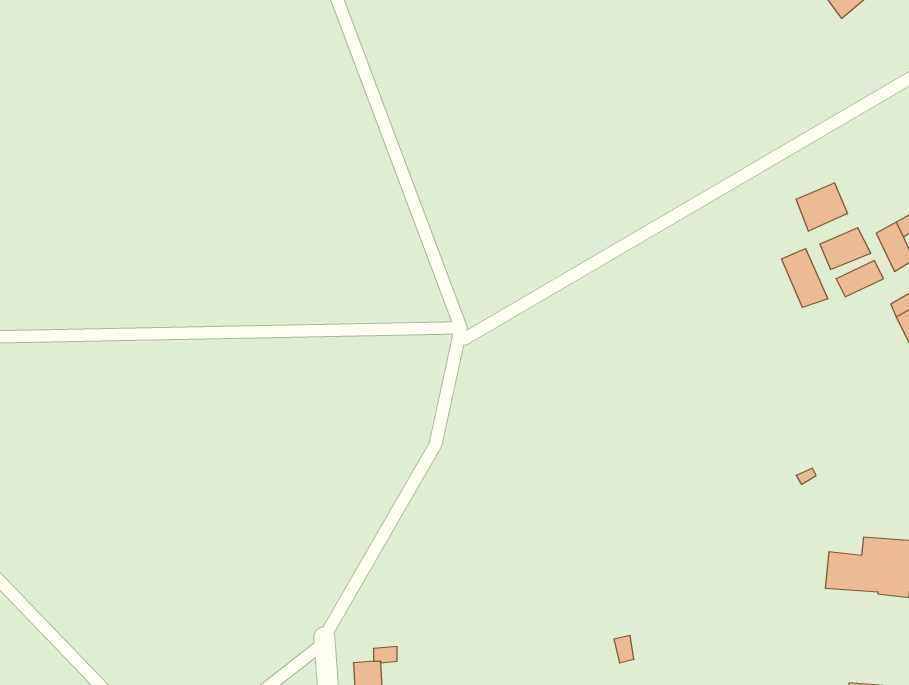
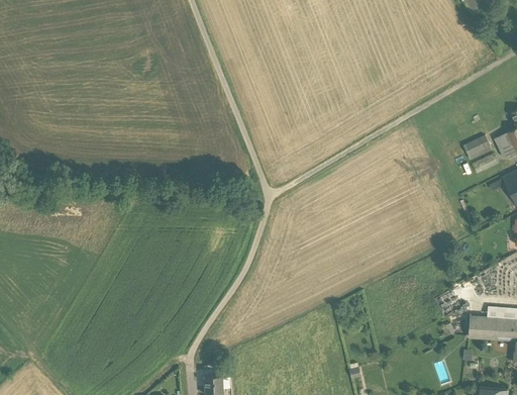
building: [796,183,848,231] -> none
building: [782,249,828,307] -> none

